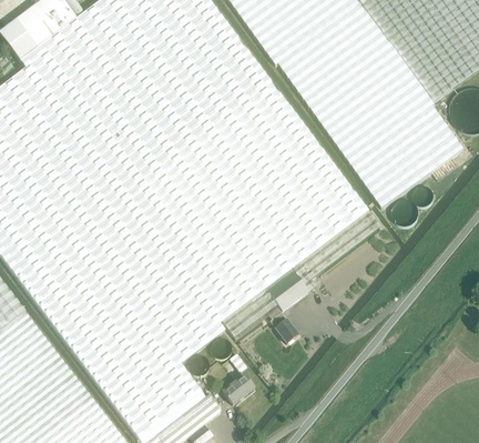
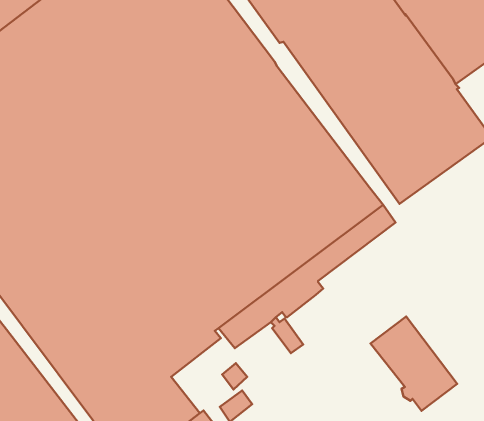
building: none -> [370,317,457,411]

